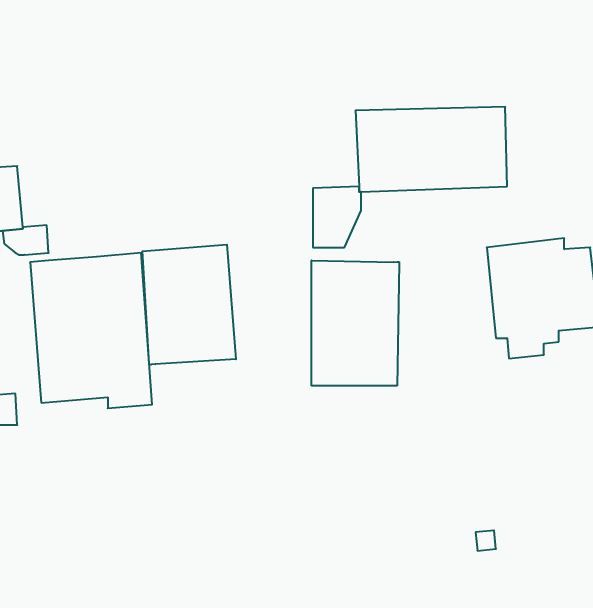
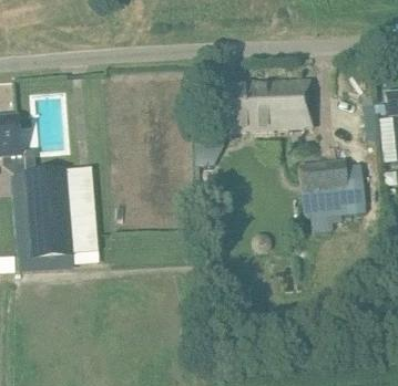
building: [142,245,236,365] -> none
building: [312,260,399,386] -> none

